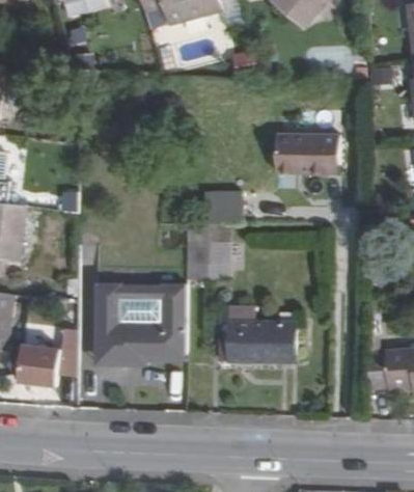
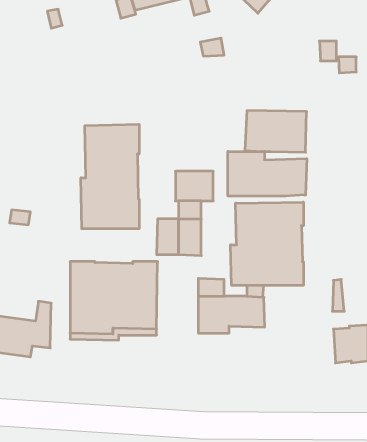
building: none -> [81,124,139,229]
building: none -> [228,151,307,196]
building: none -> [231,202,303,285]

